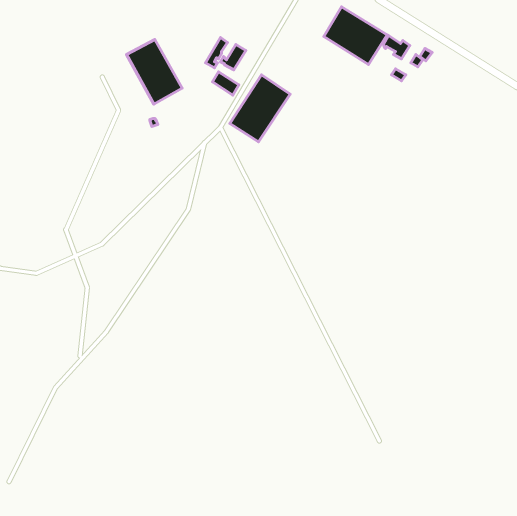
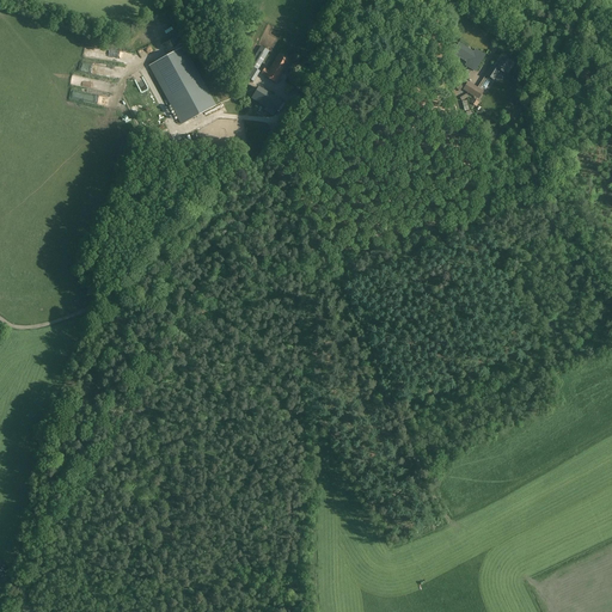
building: [324,7,387,64] -> none
building: [230,75,290,142] -> none

